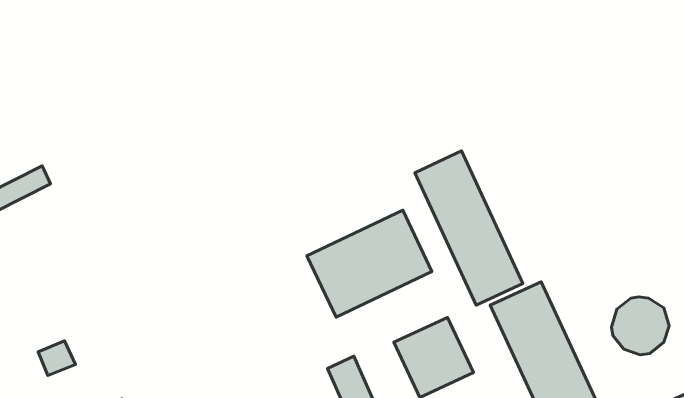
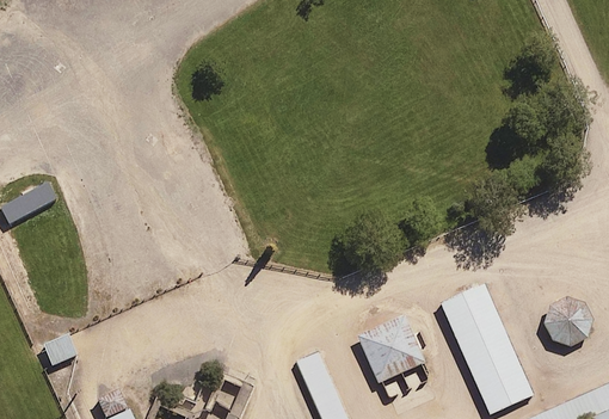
building: [415,151,523,305] -> none
building: [307,210,432,317] -> none

